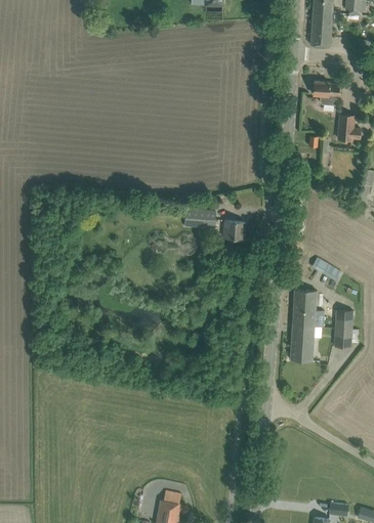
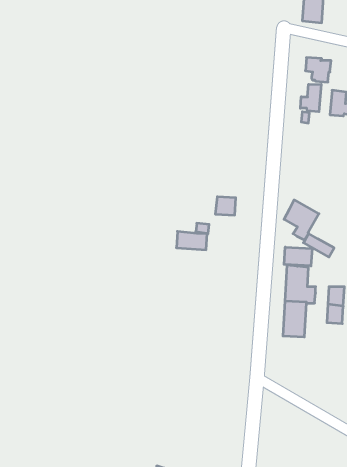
building: none -> [300,84,321,112]
building: [183,210,214,228] -> [176,231,207,250]
building: none -> [284,200,319,240]
building: none -> [284,247,312,266]

